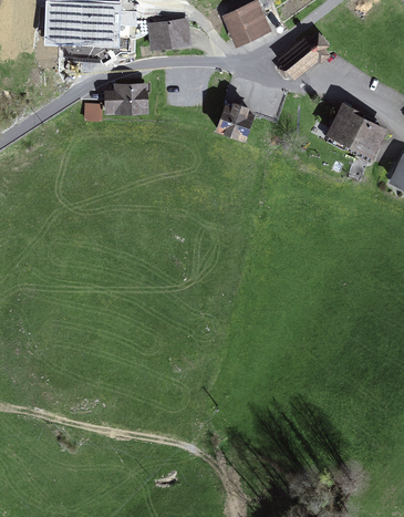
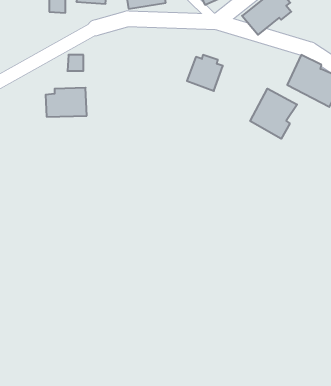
building: [103,83,148,115] -> [46,88,87,117]
building: none -> [250,89,297,139]

